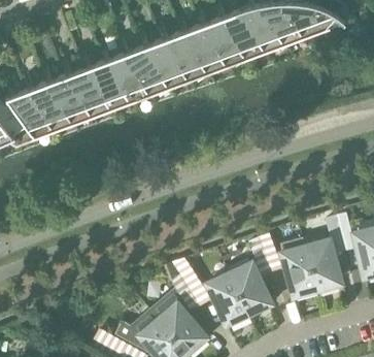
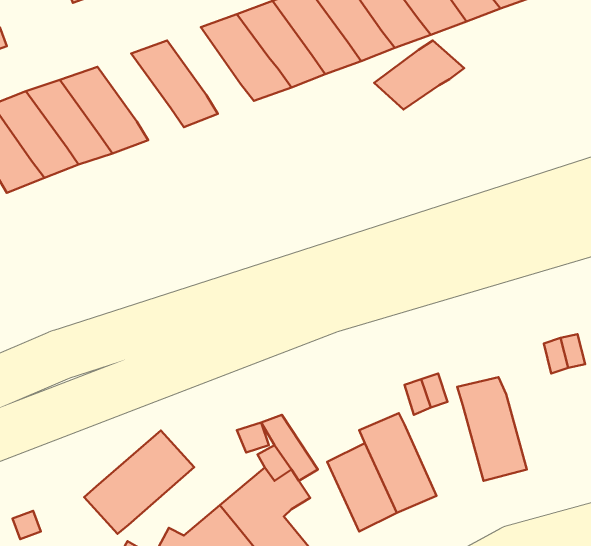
building: [123,48,170,96] -> none
building: none -> [374,41,464,110]
building: [84,63,132,110] -> none
building: [308,244,341,291] -> none
building: none -> [84,431,194,534]

